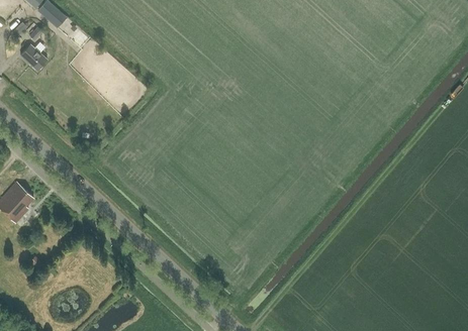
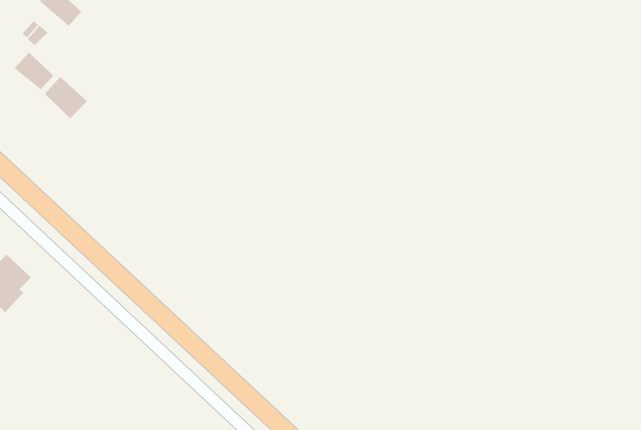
building: none -> [44,76,88,119]

